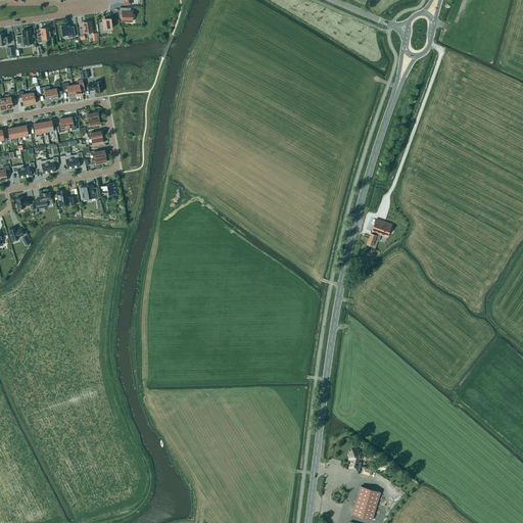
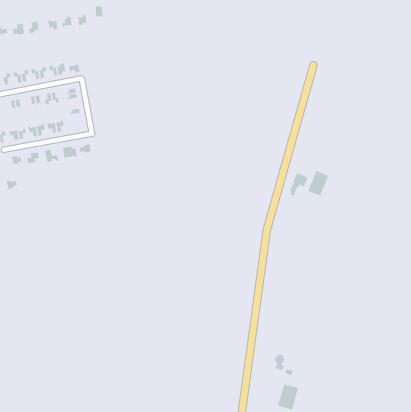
building: none -> [307,170,329,196]

